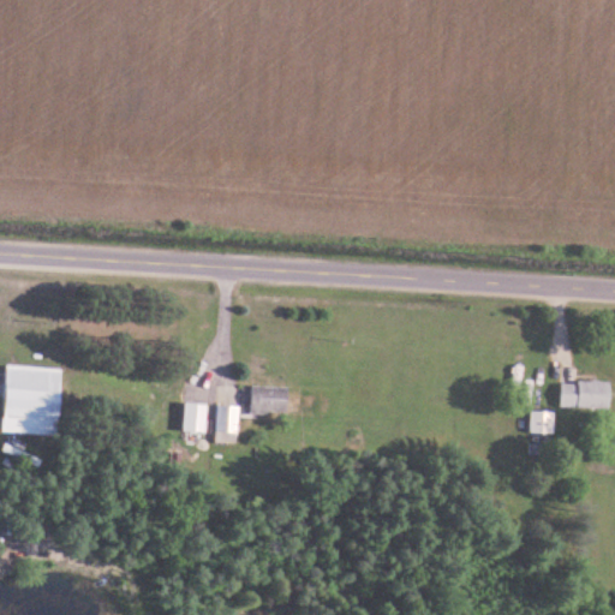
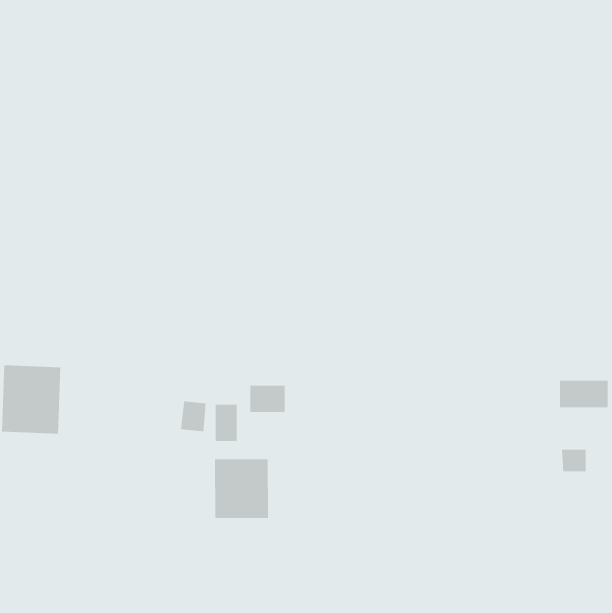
building: [529,411,554,434] -> [561,449,586,472]
building: none -> [215,459,269,519]

